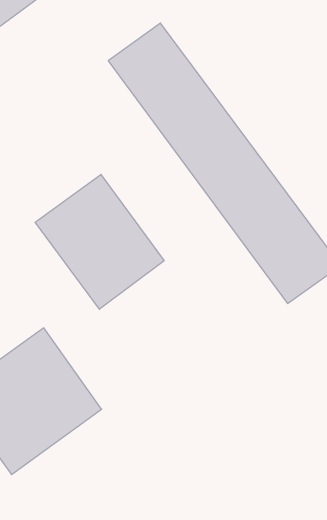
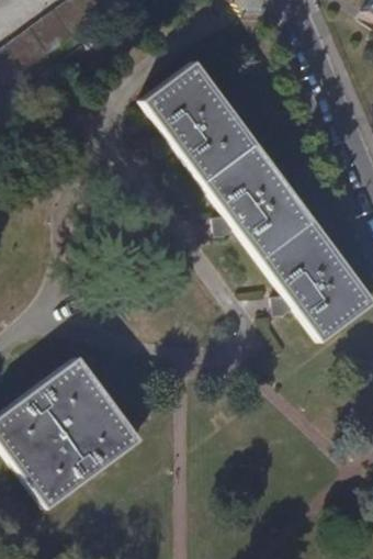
building: [35,174,164,309] -> none

